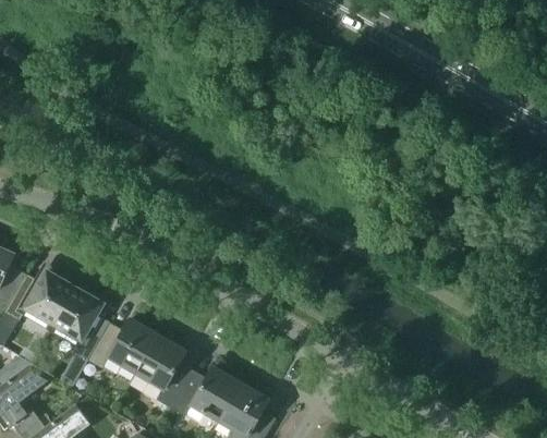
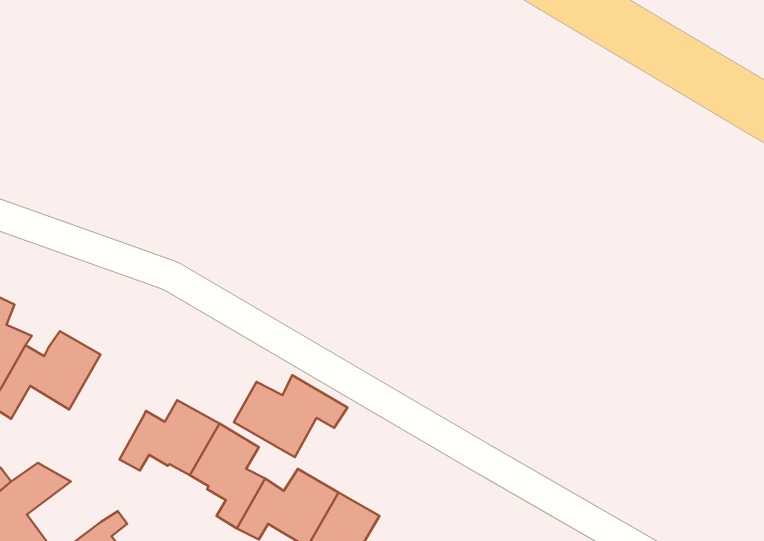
building: [51,287,104,360] -> none
building: none -> [234,375,348,457]

